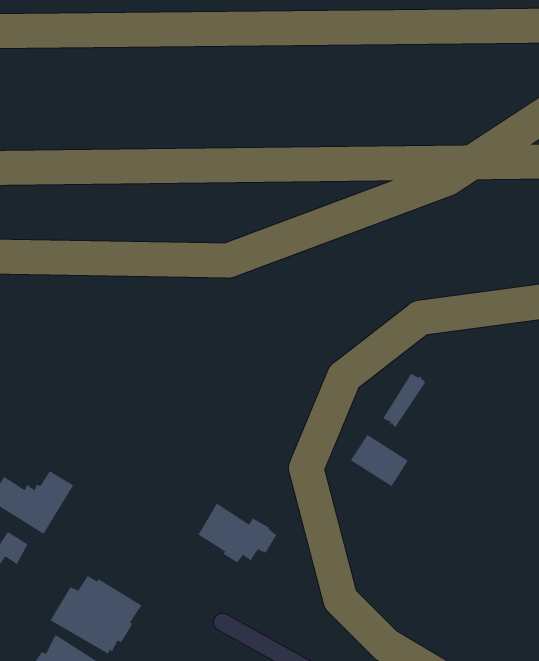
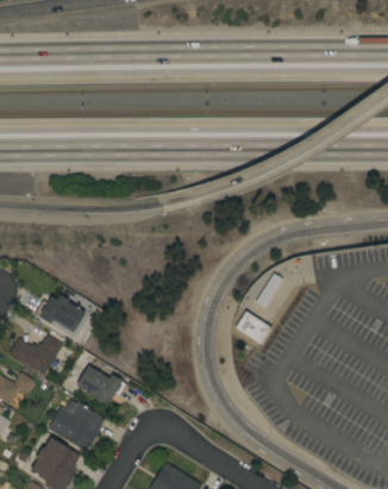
building: none -> [36,295,85,332]
building: [197,502,277,563] -> [76,365,126,403]

